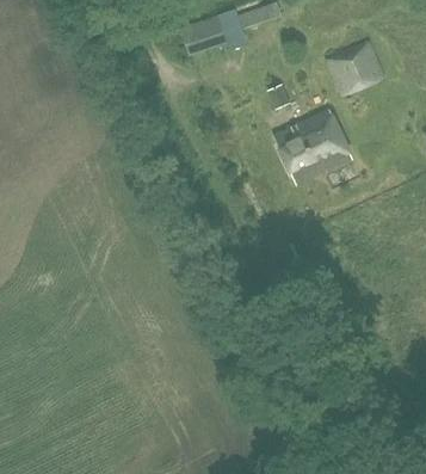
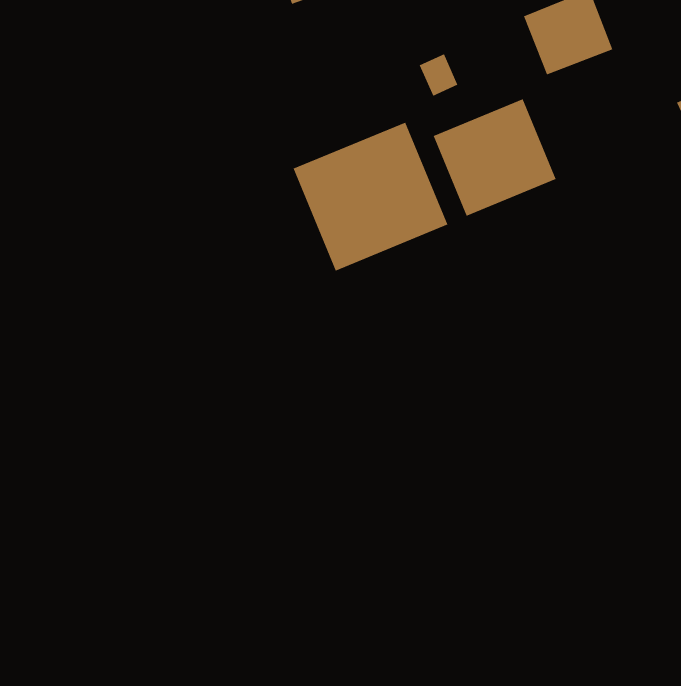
building: none -> [293,122,448,271]

